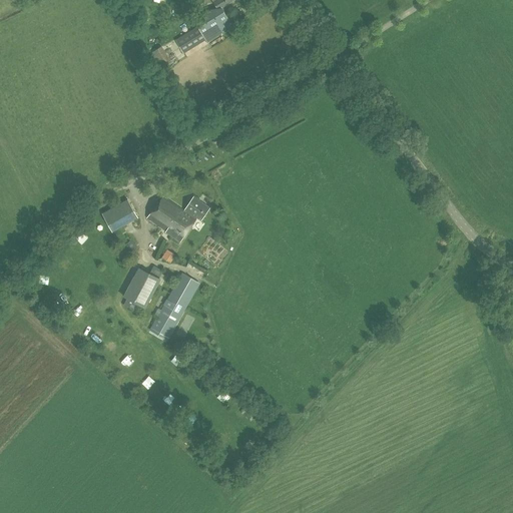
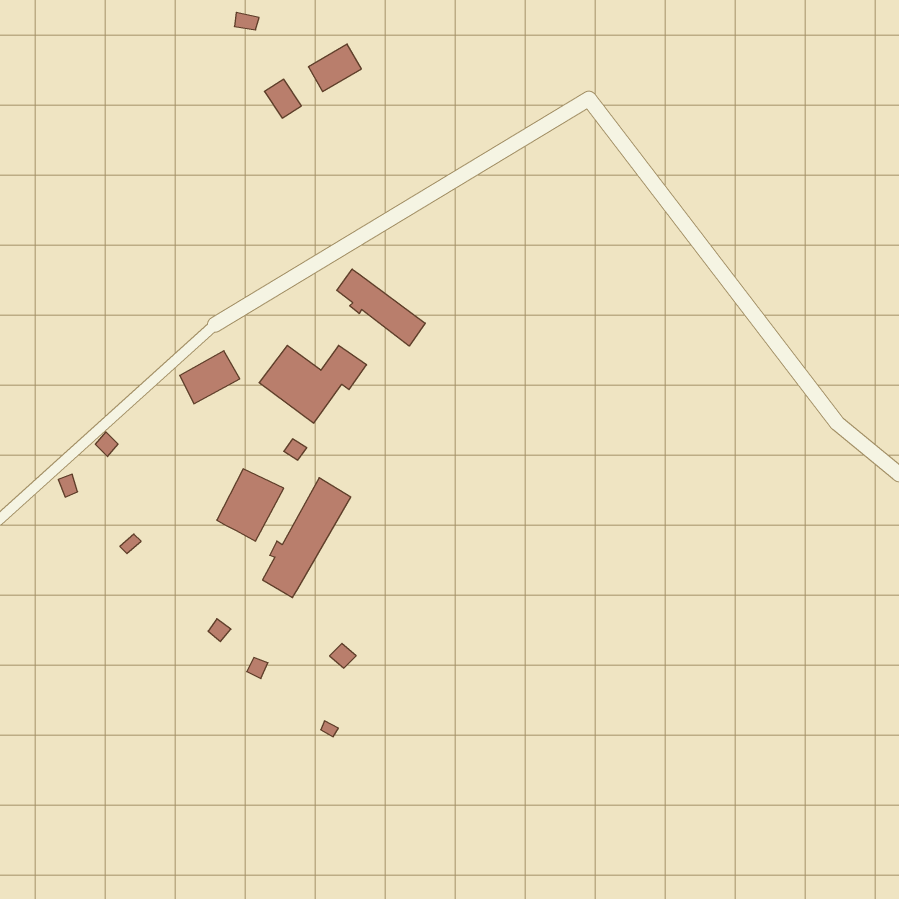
building: [193,8,232,41] -> none
building: none -> [337,269,425,346]

